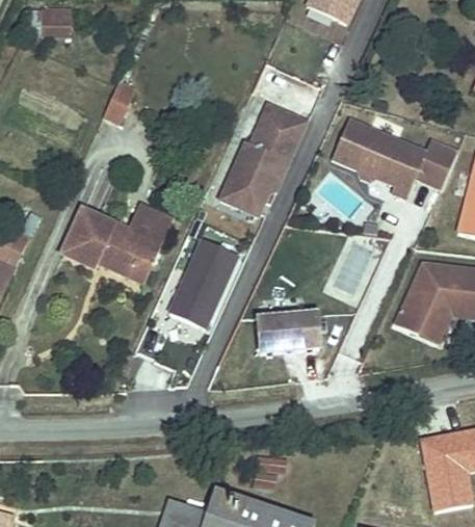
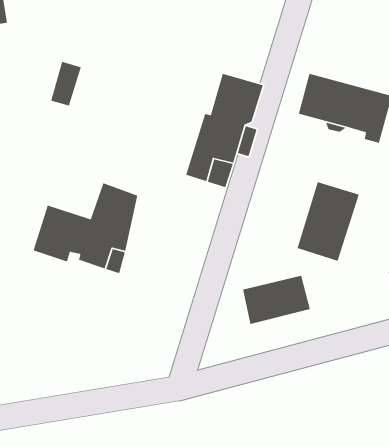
building: [166,237,236,327] -> none

